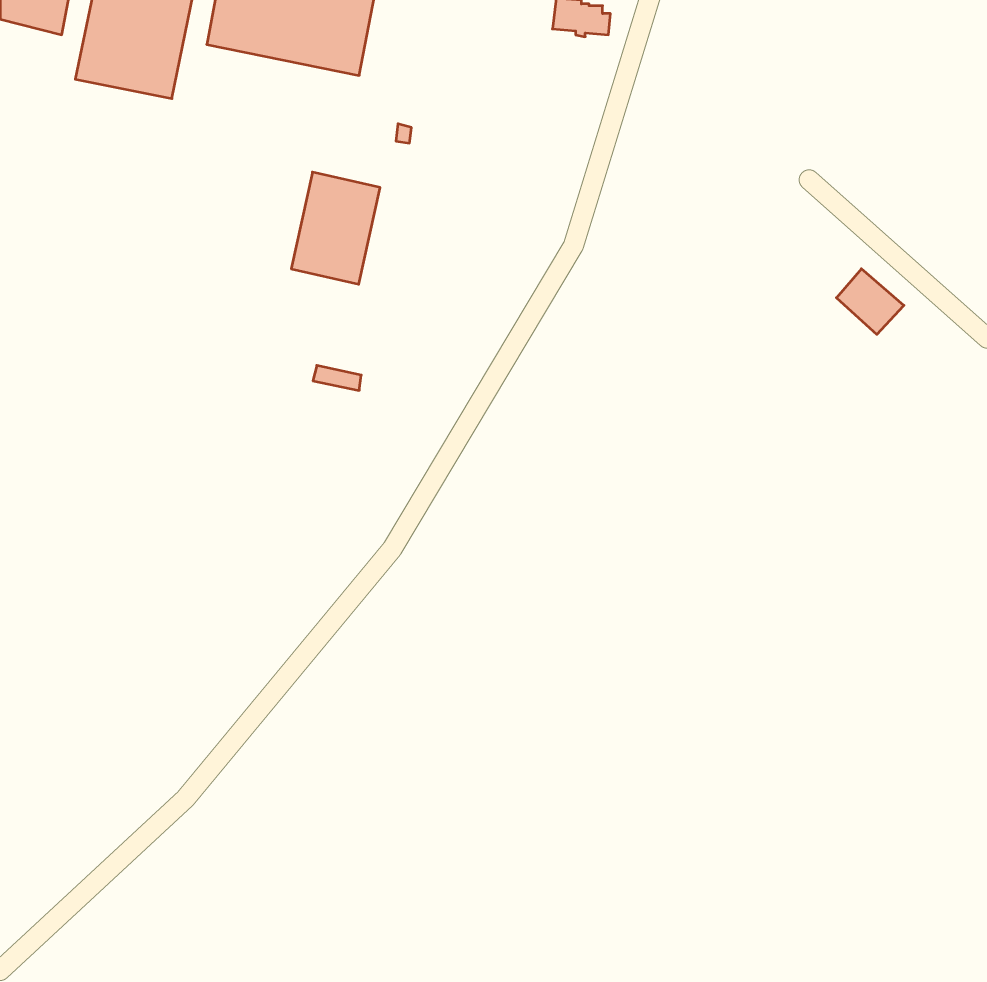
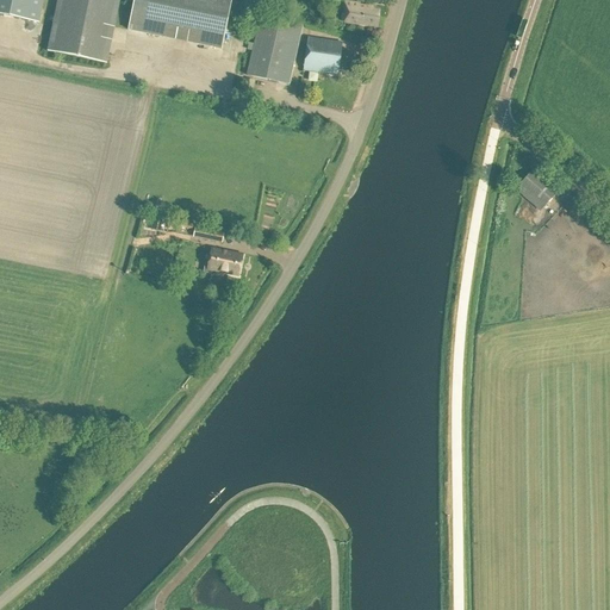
building: none -> [304,35,354,71]
building: [291,172,380,284] -> [248,13,303,82]
building: none -> [203,247,242,273]

